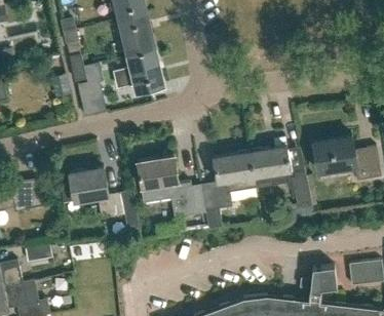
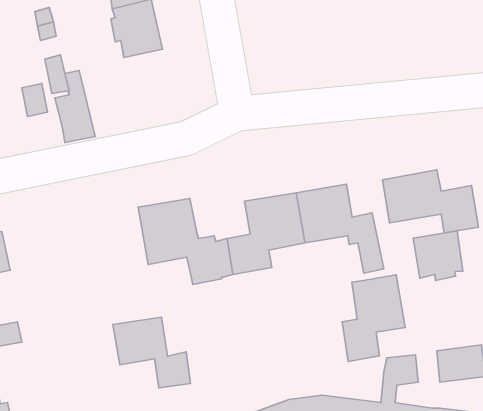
building: [112,49,161,92] -> none
building: [68,168,123,219] -> [113,317,190,388]
building: none -> [413,231,463,280]
building: none -> [342,275,405,361]

